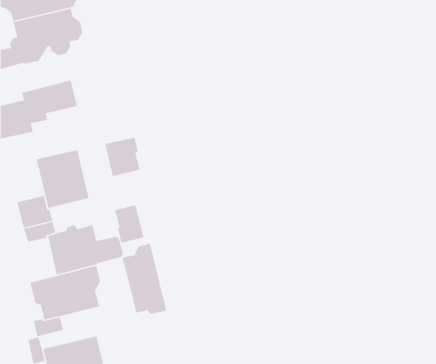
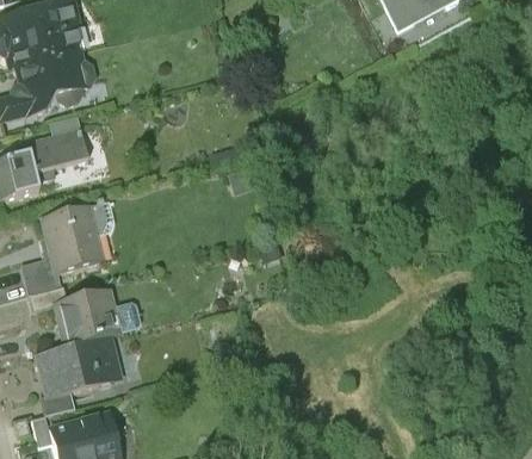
building: [104,137,140,177] -> none
building: [114,204,145,243] -> none
building: [122,243,167,315] -> none

